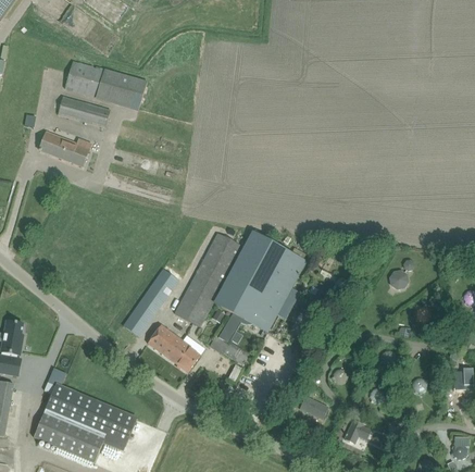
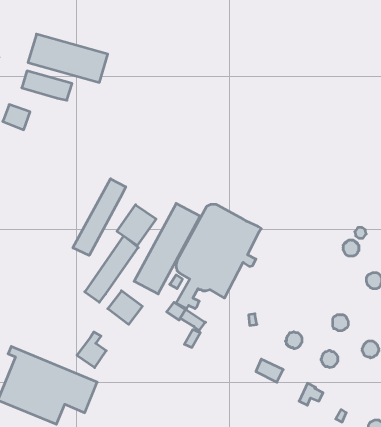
building: [60,138,90,165] -> none
building: none -> [73,179,126,255]
building: none -> [117,205,156,245]
building: [168,335,199,372] -> [77,332,106,368]

